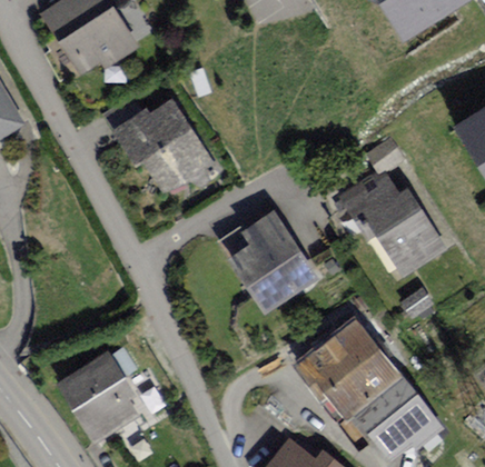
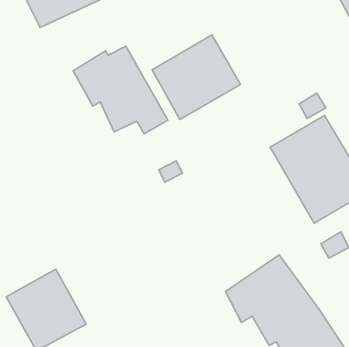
building: none -> [152,35,240,119]
building: [227,211,318,315] -> none

